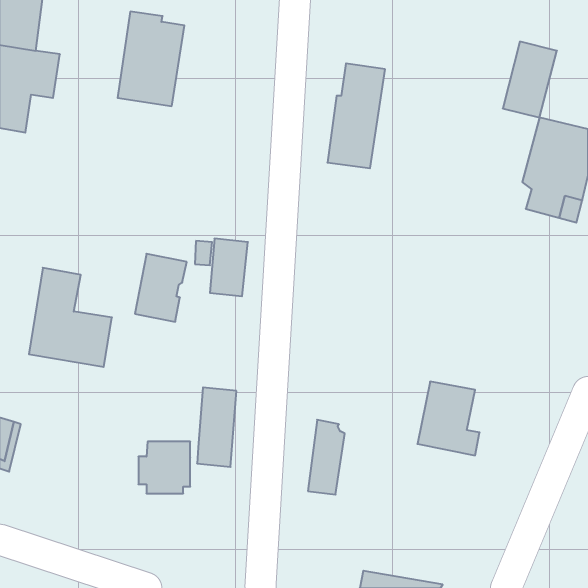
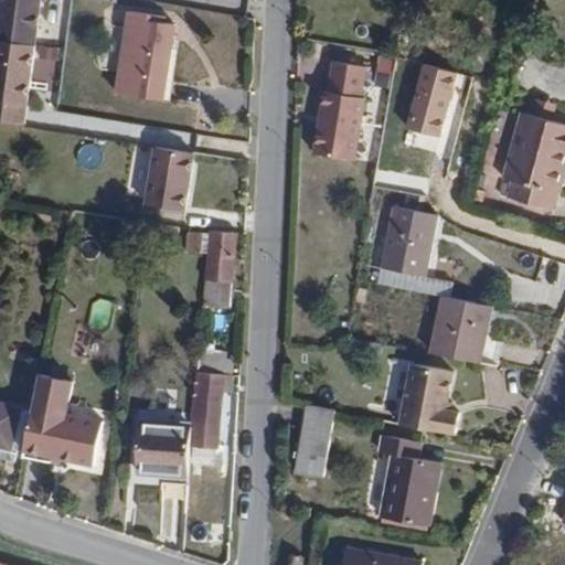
building: [503,42,557,118] -> [405,63,457,136]
building: none -> [380,206,436,278]
building: [135,254,187,322] -> [142,147,192,212]
building: [29,268,112,367] -> [22,373,102,468]
building: none -> [427,295,494,364]
building: none -> [377,435,439,526]

